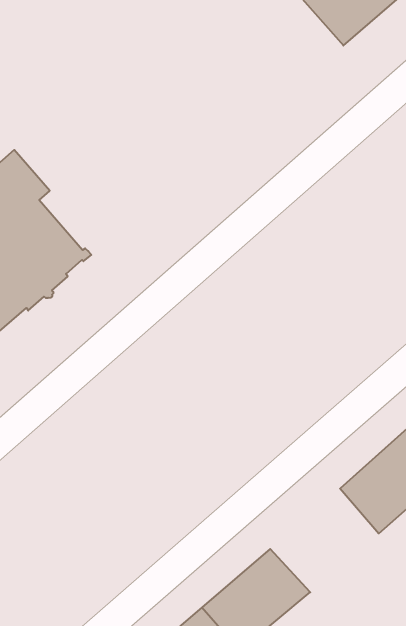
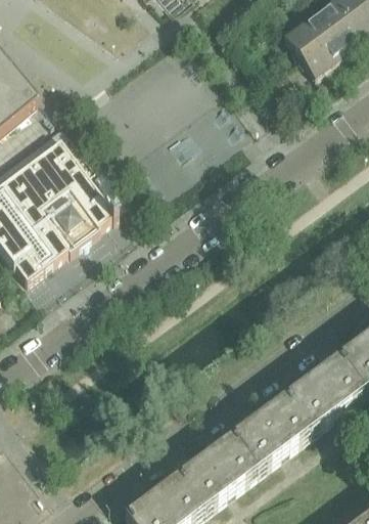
building: none -> [228,397,308,471]

